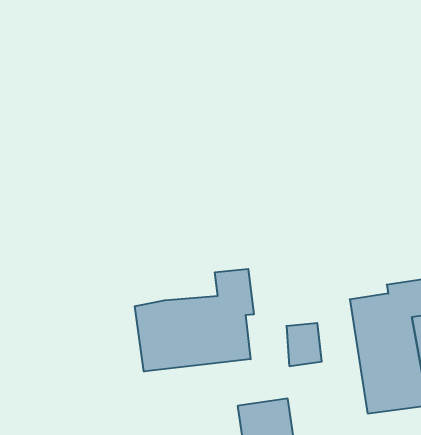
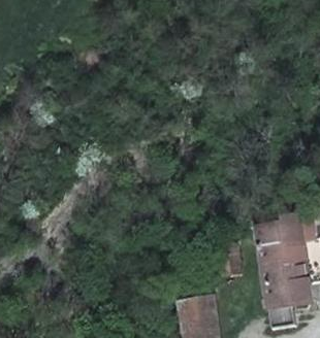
building: [135,269,254,372] -> none

